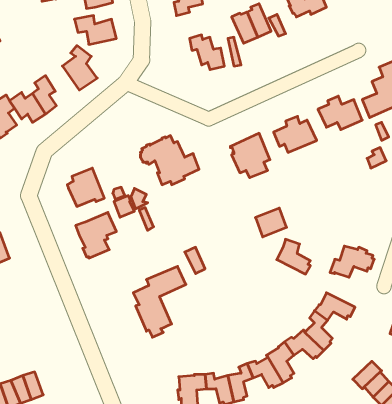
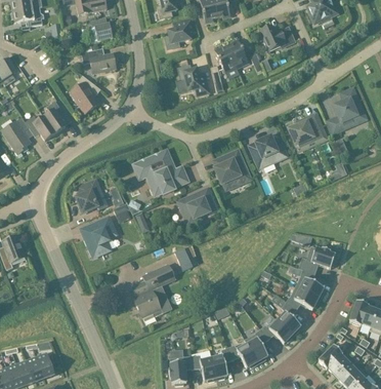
building: [255,208,287,237] -> [184,198,211,223]
building: [277,239,310,274] -> [295,269,324,299]

